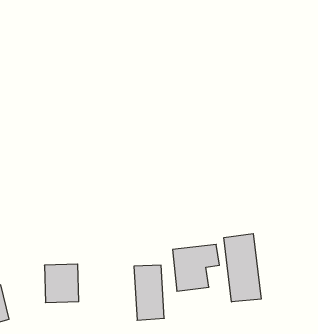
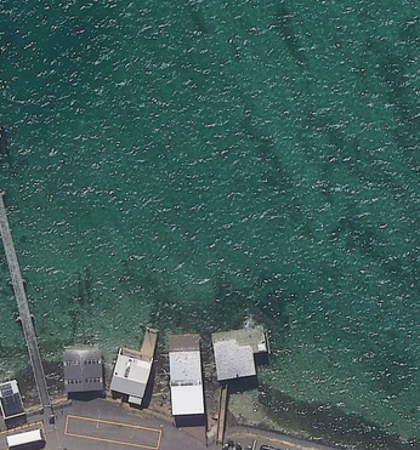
building: [224,234,261,302] -> none
building: none -> [109,357,151,405]

